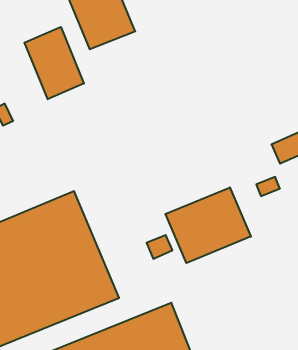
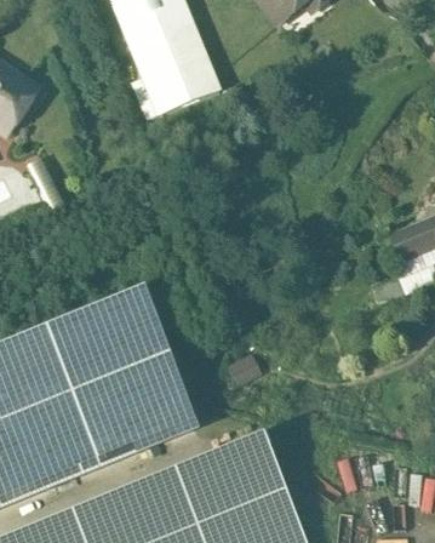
building: [24,27,84,99] -> none
building: [165,187,251,263] -> none

